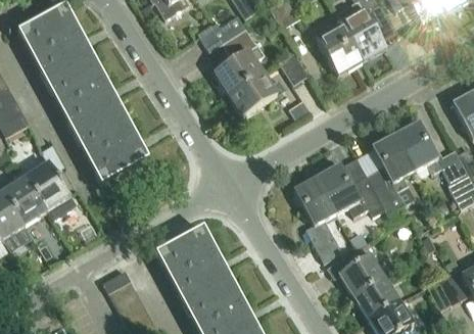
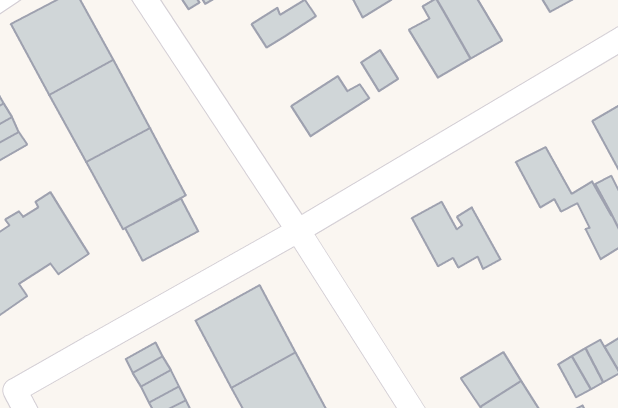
building: [215,25,265,92] -> none
building: [363,134,414,210] -> none
building: none -> [125,198,198,261]
building: [295,176,342,259] -> none
building: [339,239,386,295] -> none

